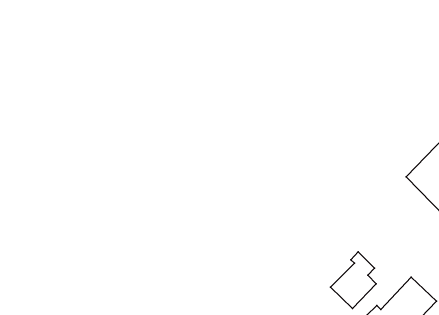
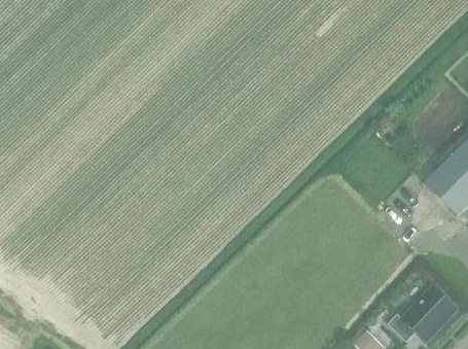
building: [331,252,376,308] -> none

